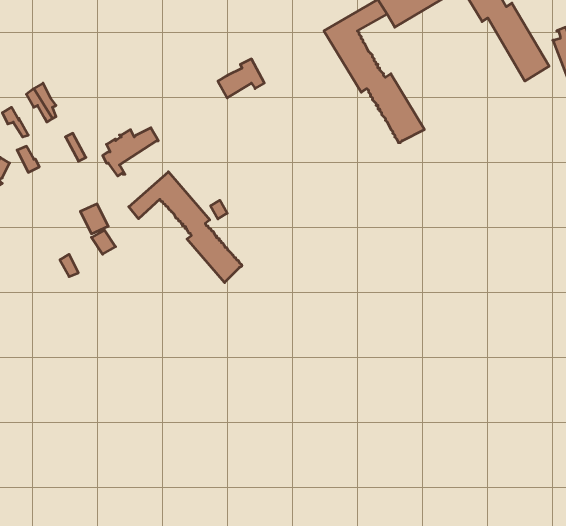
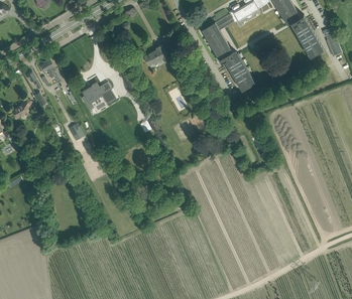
building: [129,172,242,283] -> none

